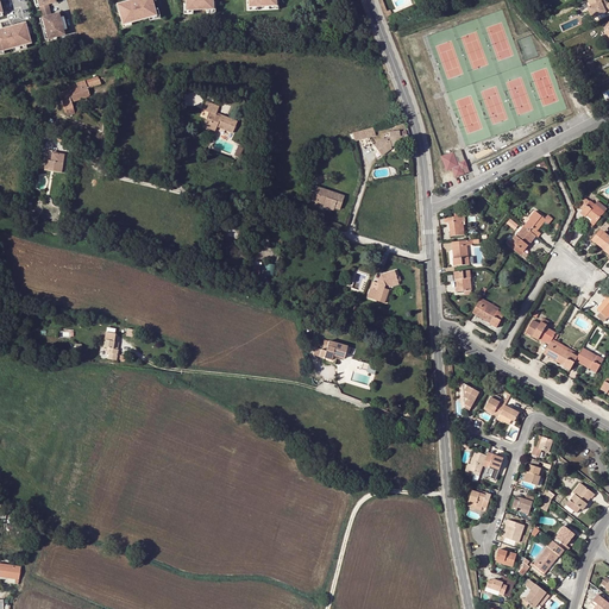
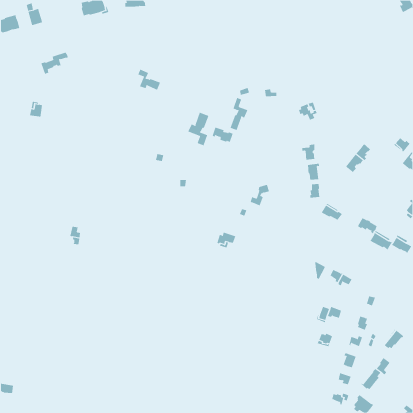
building: none -> [230,97,248,131]
building: none -> [187,112,209,146]

